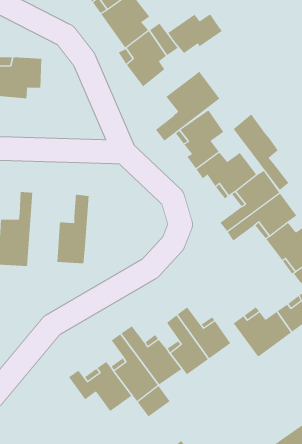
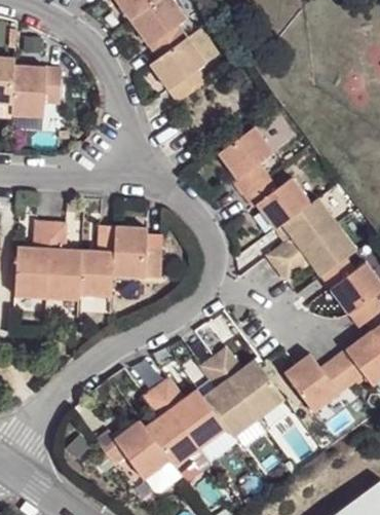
building: [167,13,223,54] -> none
building: [155,71,220,141] -> none
building: [233,113,289,191] -> none
building: none -> [46,222,82,309]
building: none -> [113,226,161,287]

